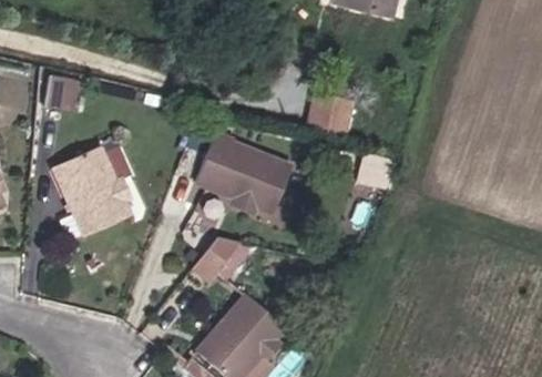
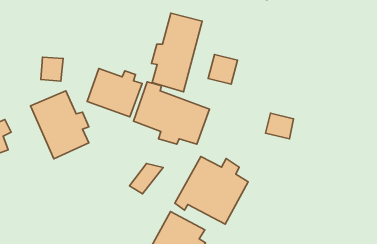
building: none -> [152,13,202,92]
building: none -> [87,68,142,117]
building: none -> [175,156,248,224]

